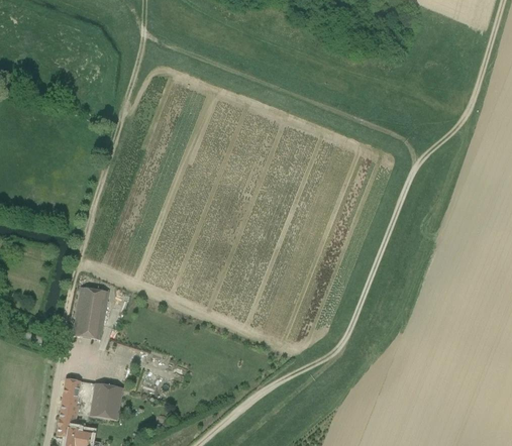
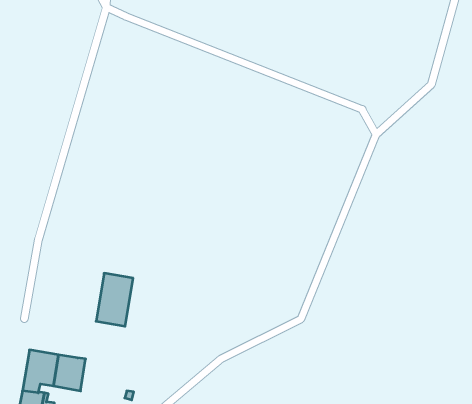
building: [72,287,109,340] -> [96,273,133,326]

